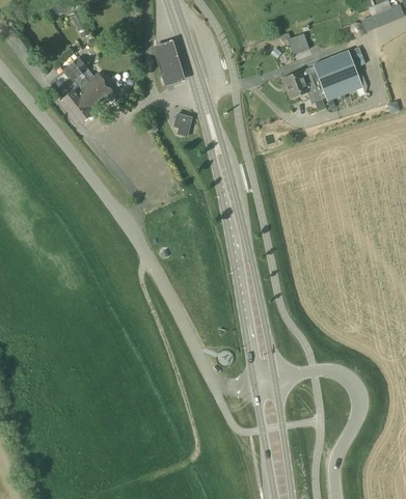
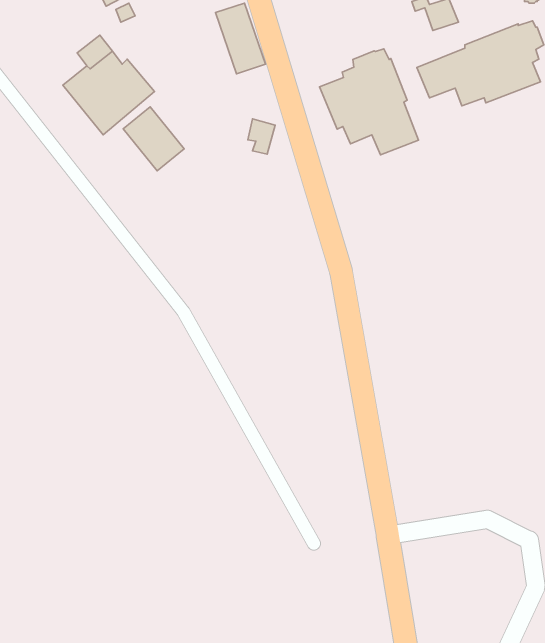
building: none -> [320,49,419,155]
building: none -> [123,107,184,171]

